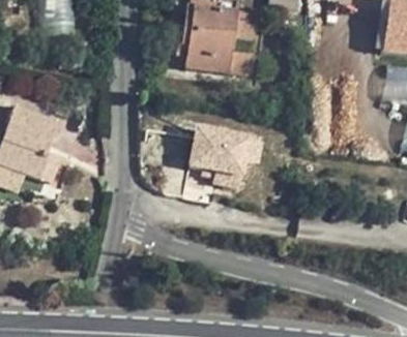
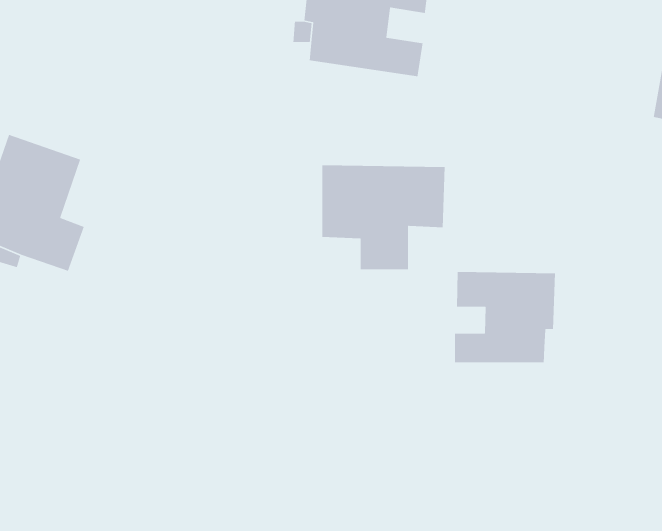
building: none -> [454,271,556,363]

